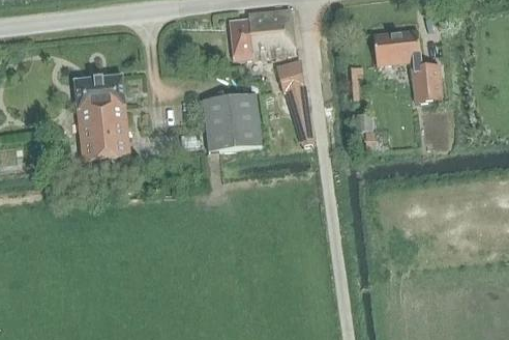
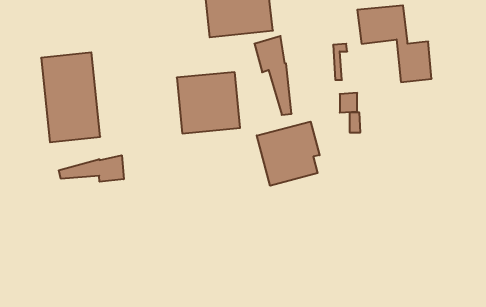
building: none -> [257,122,320,186]
building: none -> [59,155,124,182]

